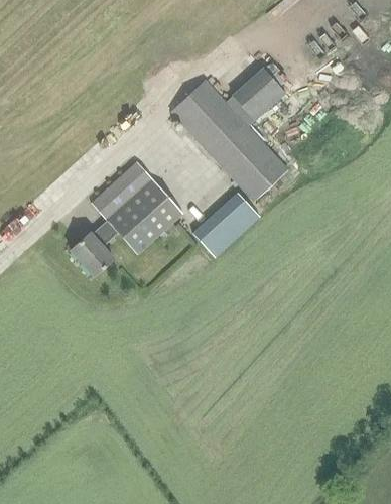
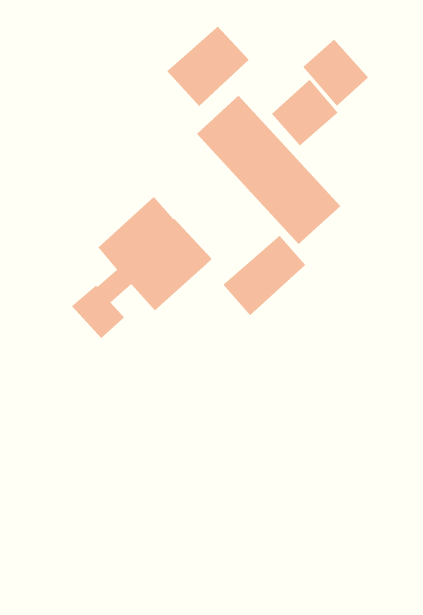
building: none -> [166,26,249,107]
building: none -> [302,39,369,107]

